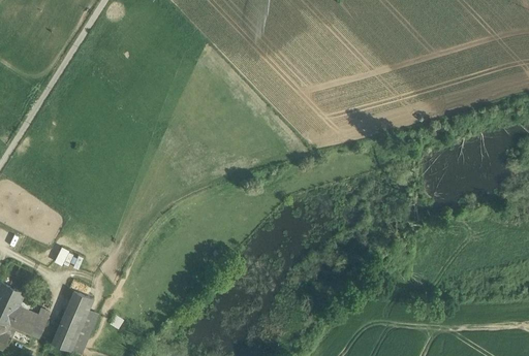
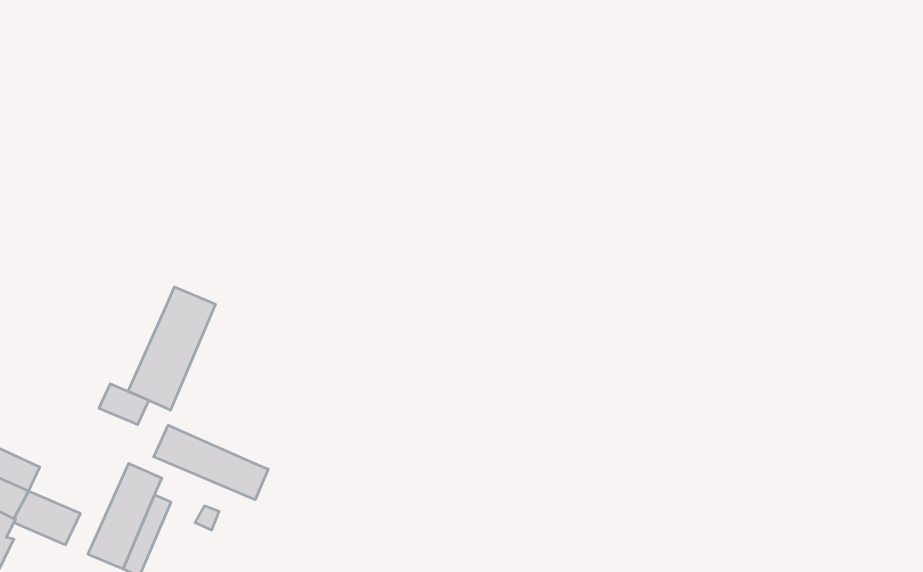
building: none -> [128,287,215,410]
building: none -> [154,425,268,500]

